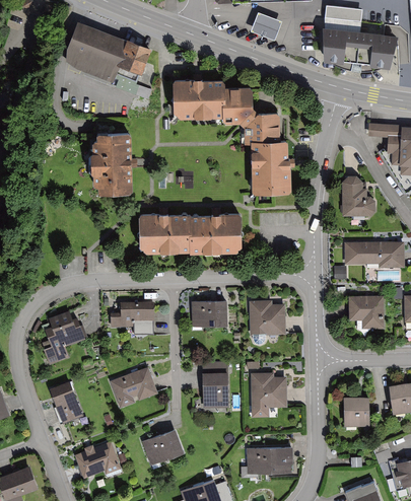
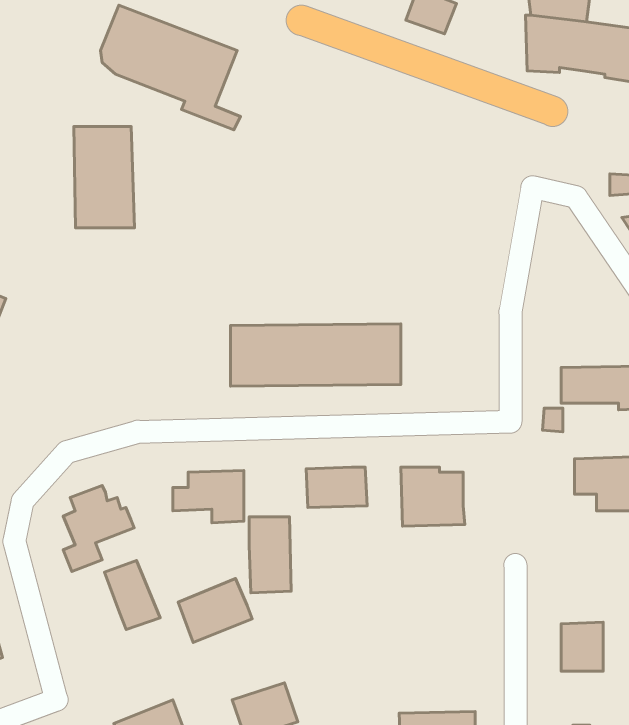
building: [180,79,294,195] -> none
building: [99,133,136,194] -> [74,127,135,228]
building: [340,173,374,215] -> none
building: [202,362,227,408] -> [249,517,291,593]
building: [250,374,286,418] -> none
building: [49,382,82,424] -> [104,560,160,629]

